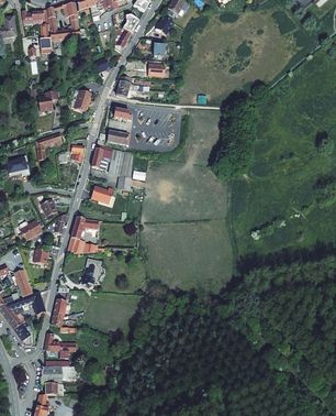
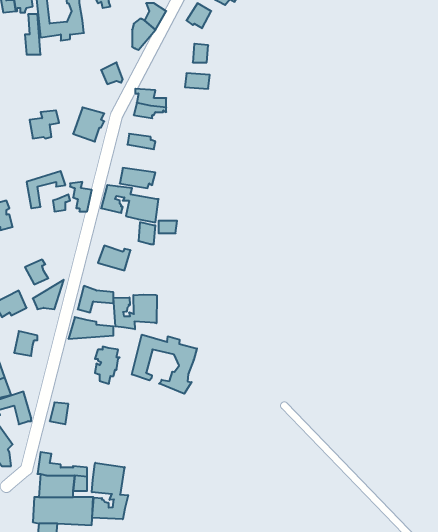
building: none -> [113,295,157,329]
building: none -> [132,335,197,394]
building: none -> [92,463,128,519]

